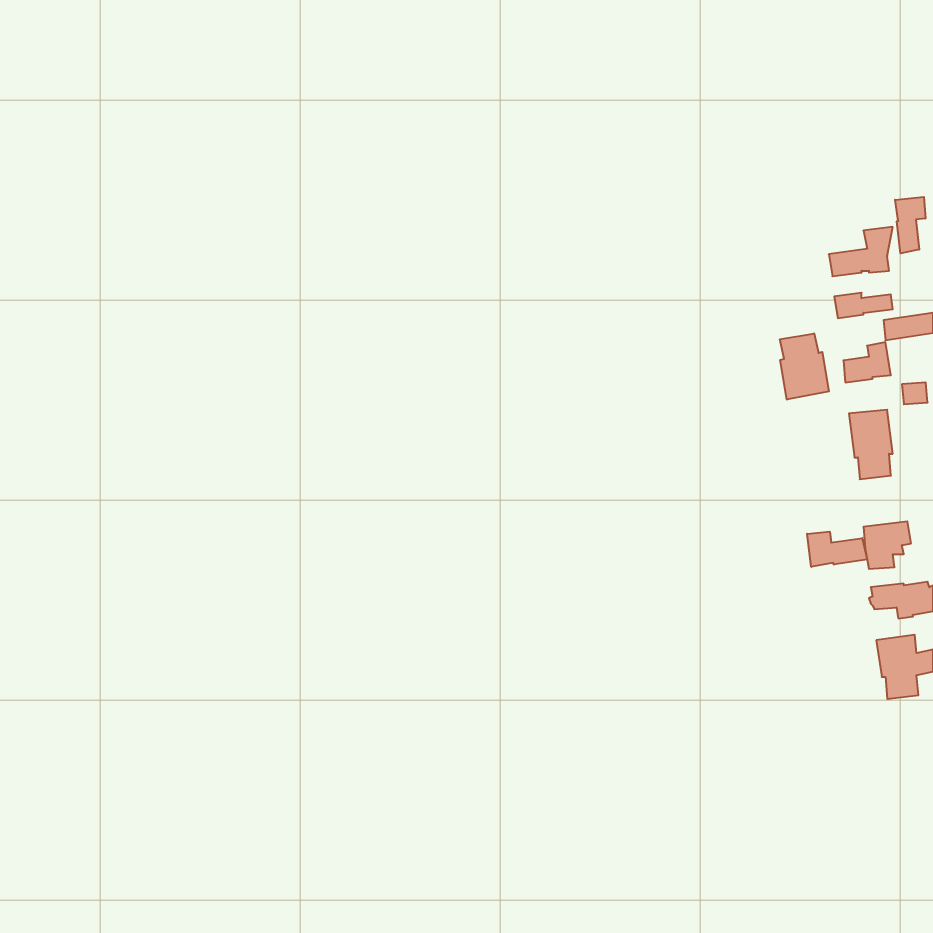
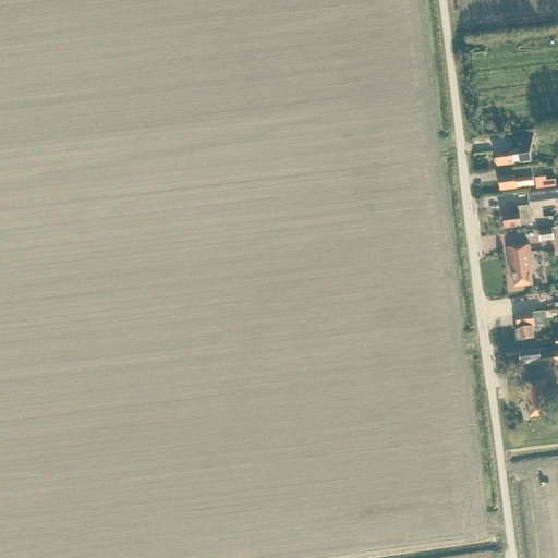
building: [895,197,925,253] -> none
building: [780,333,829,400] -> none
building: [807,532,867,567] -> none

